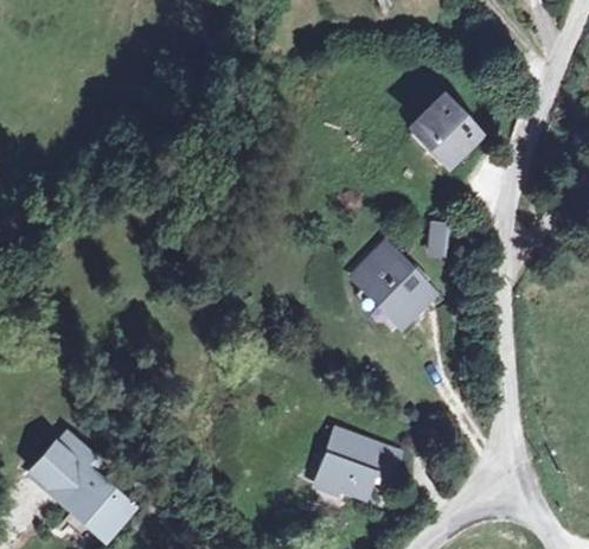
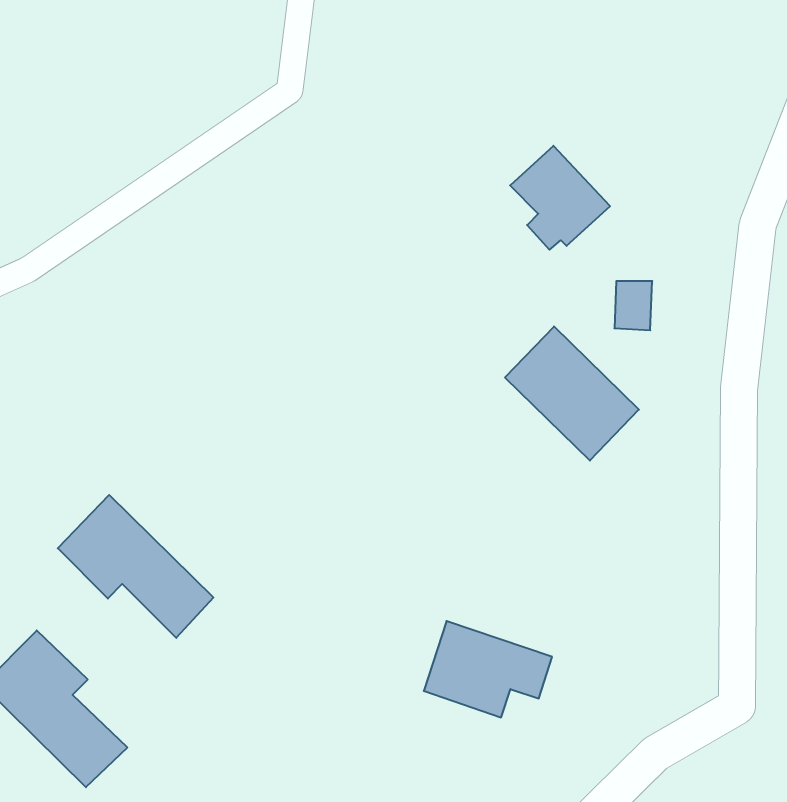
building: [418,98,481,164] -> [510,146,610,250]
building: none -> [58,495,213,638]

